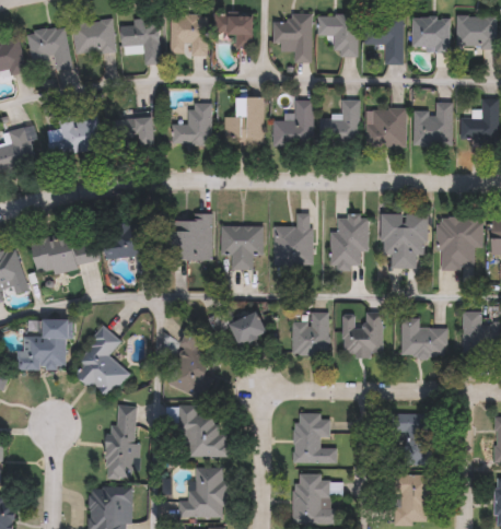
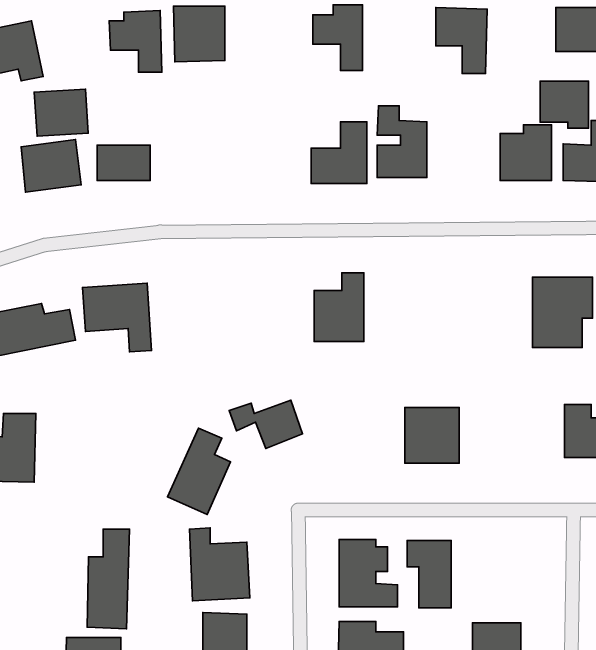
building: [215,14,253,48] -> none
building: [318,14,359,57] -> none
building: [412,17,448,52] -> [540,81,588,128]
building: [74,20,115,55] -> [34,89,88,136]
building: [224,96,263,145] -> none
building: [173,104,211,145] -> none
building: [366,109,405,146] -> none
building: [381,213,427,268] -> none
building: [330,214,368,268] -> none
building: [170,215,212,259] -> none
building: [221,224,263,269] -> none
building: [292,311,328,354] -> none
building: [401,317,447,356] -> none
building: [77,326,129,399] -> none
building: [395,413,428,463] -> [407,540,451,608]

